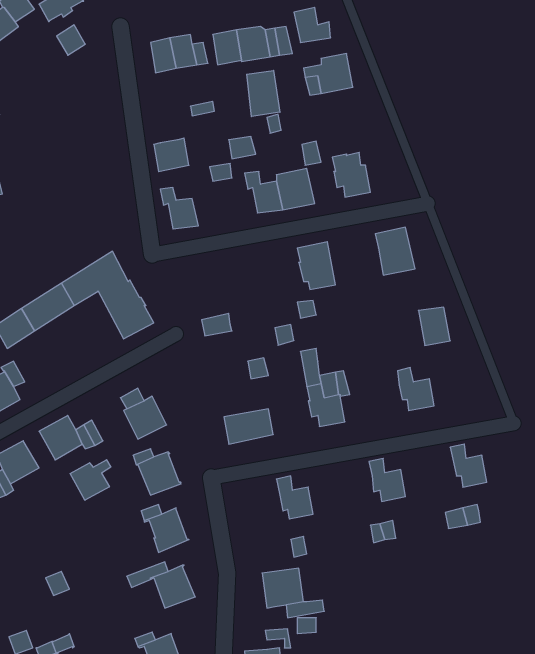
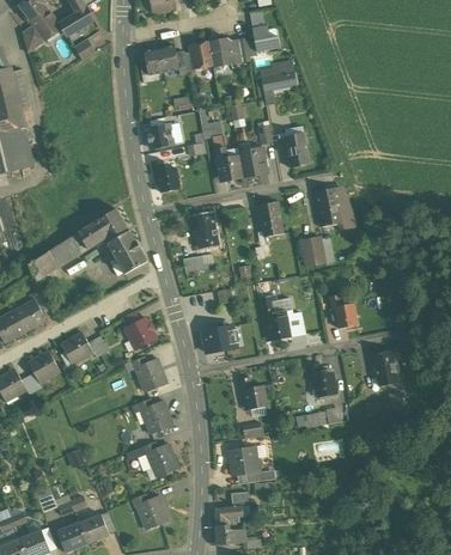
building: [247,70,280,117] -> none
building: none -> [190,214,219,249]
building: [418,307,450,345] -> [301,238,325,267]
building: [70,460,111,500] -> none

